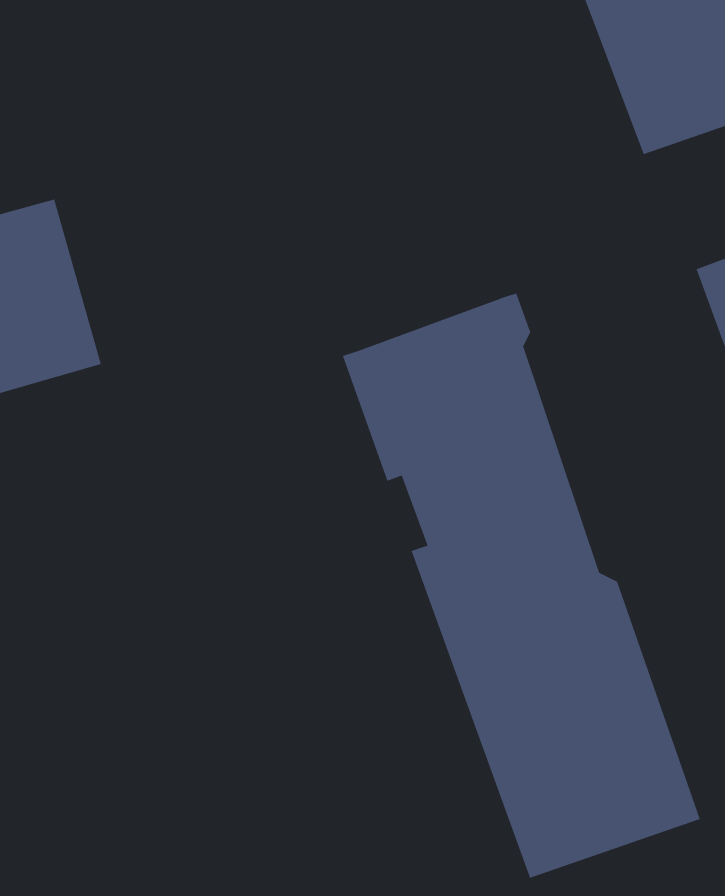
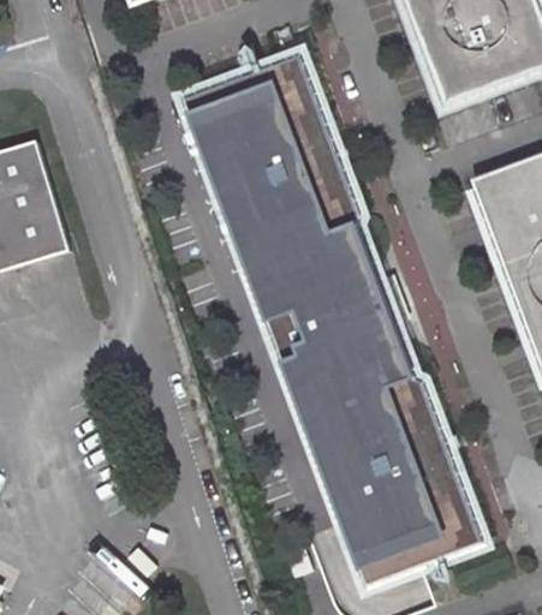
building: none -> [187,59,352,237]

